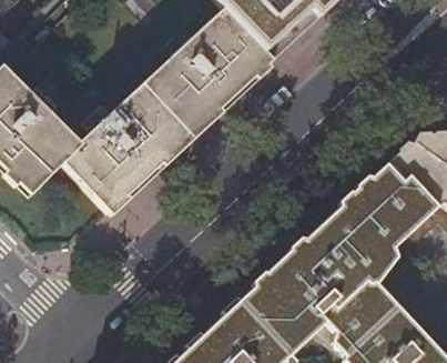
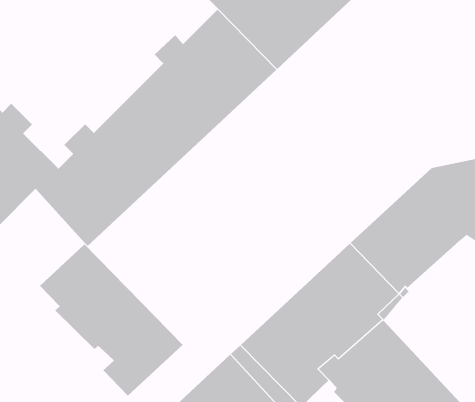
building: none -> [39,244,183,397]

